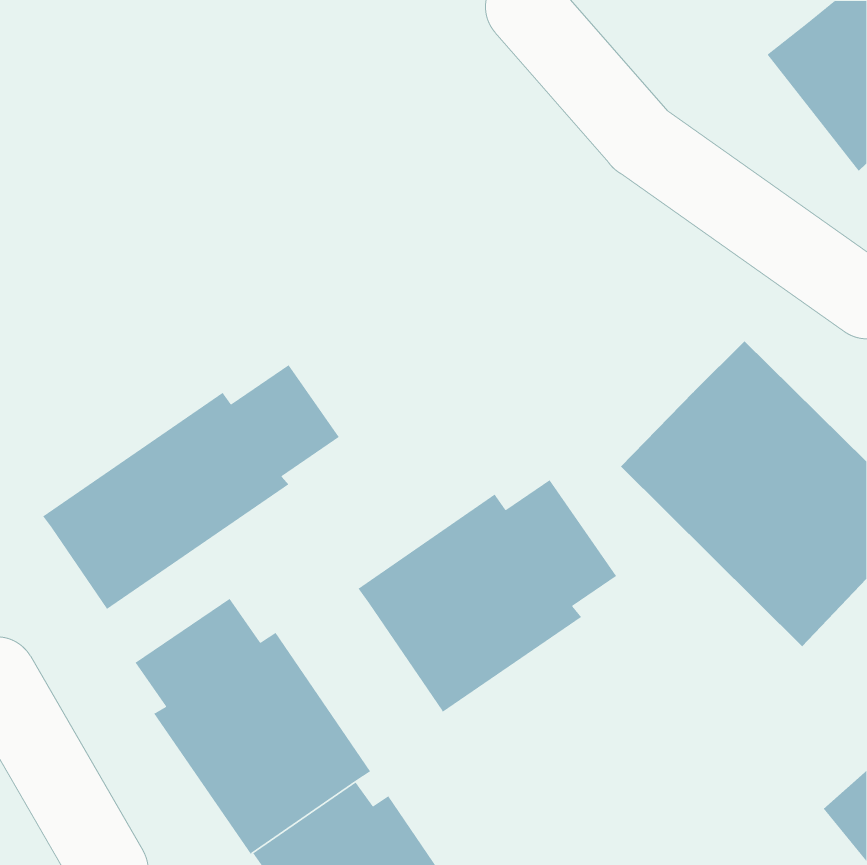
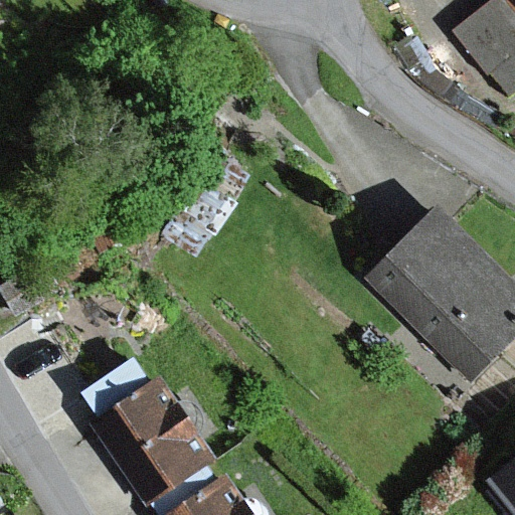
building: [42,364,340,610] -> none
building: [358,479,617,713] -> none

